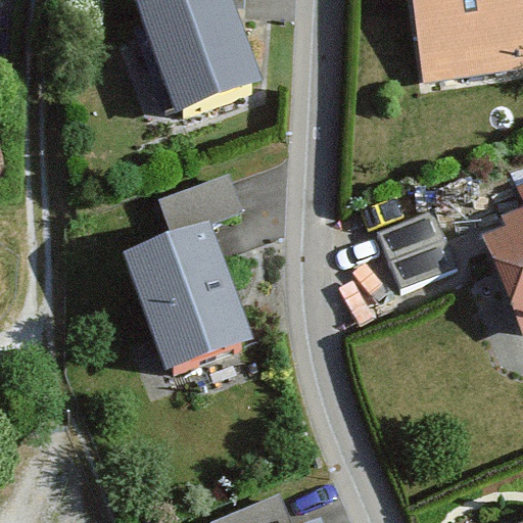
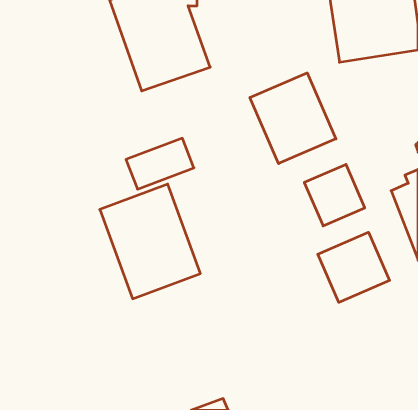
building: none -> [250,73,336,164]
building: none -> [318,232,390,302]

